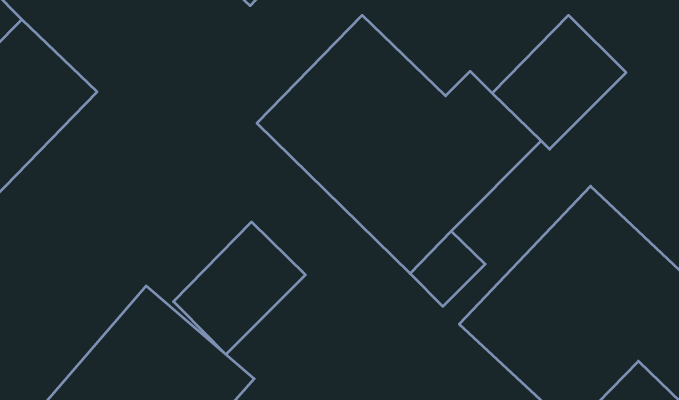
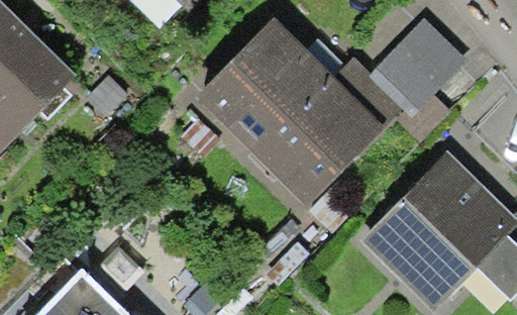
building: [173,222,305,354] -> none

